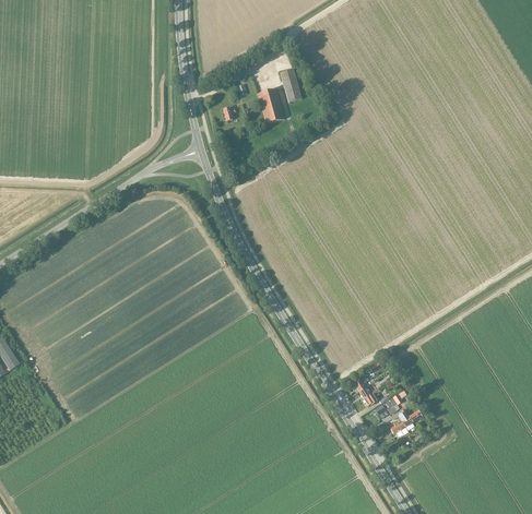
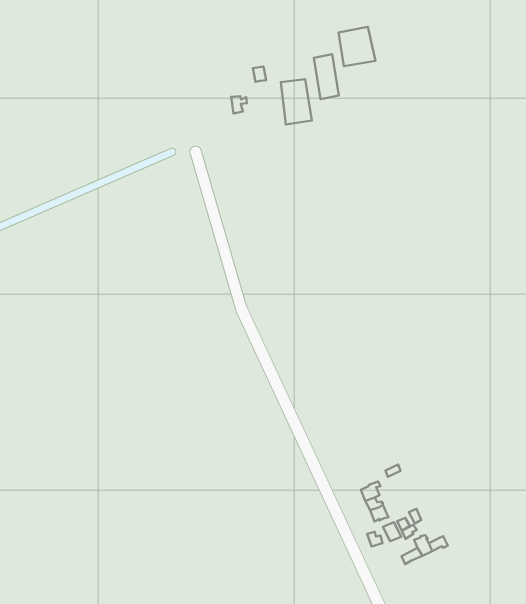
building: none -> [338,27,376,66]

